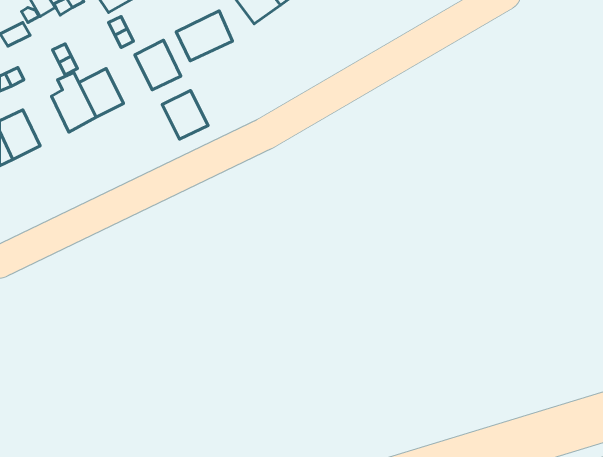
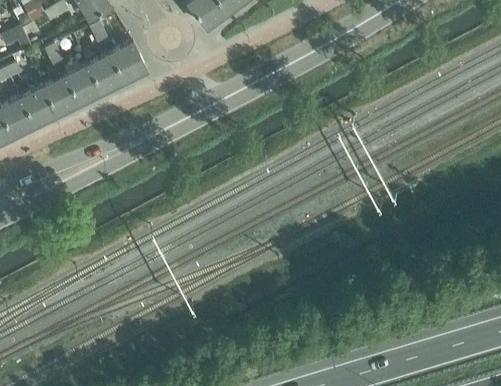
building: [176,11,232,61] -> none
building: [162,91,208,139] -> [87,54,124,93]
building: none -> [20,87,57,127]

